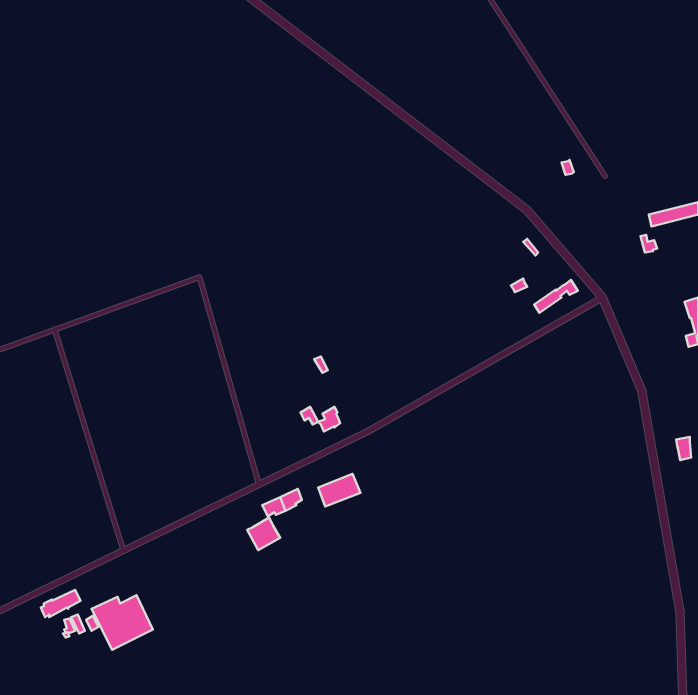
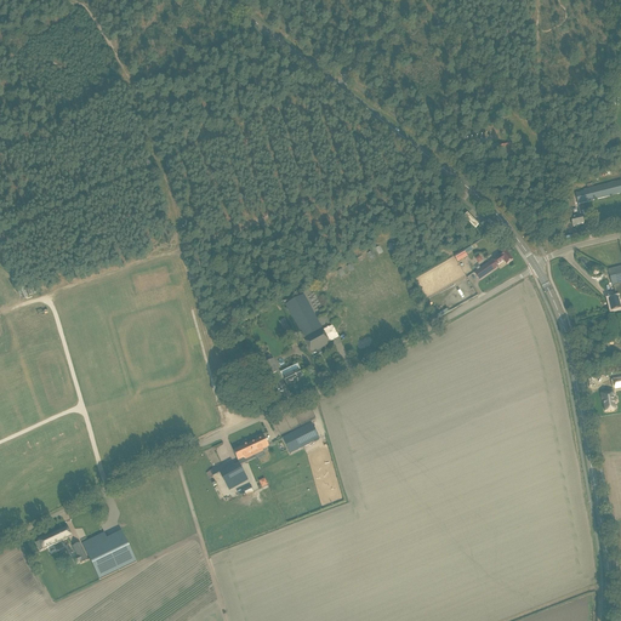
building: none -> [285,292,332,355]

